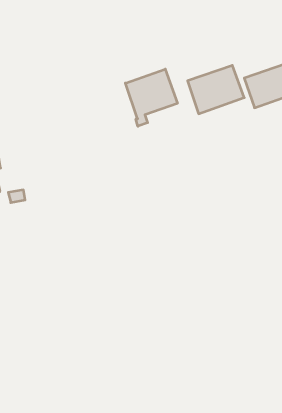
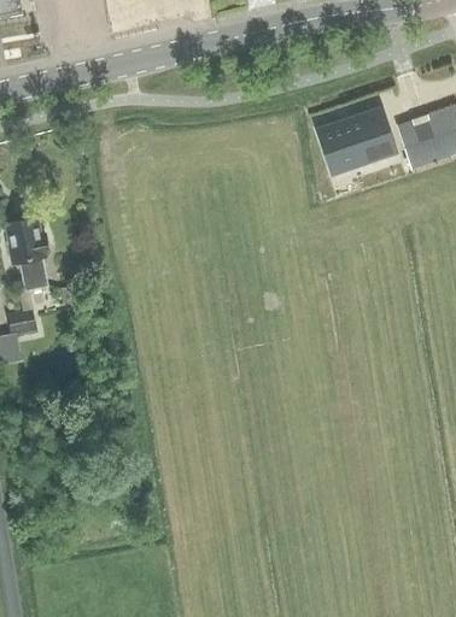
building: [125,69,177,126] -> none

